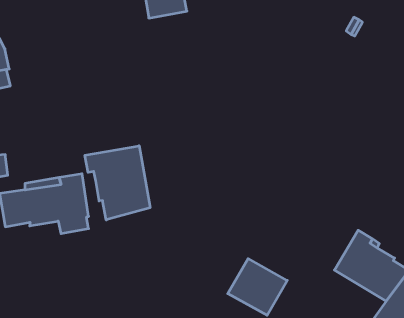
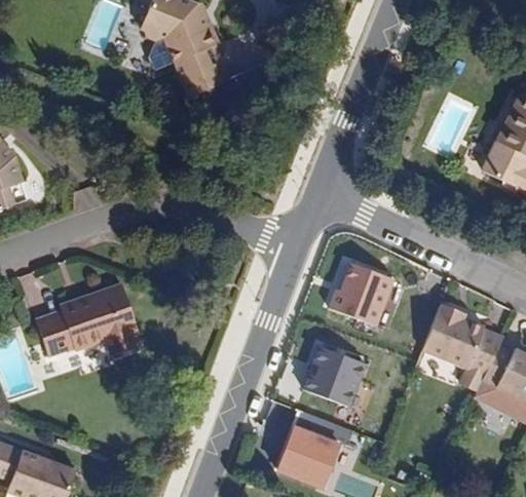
building: [85,146,150,220] -> none
building: none -> [331,264,398,328]

